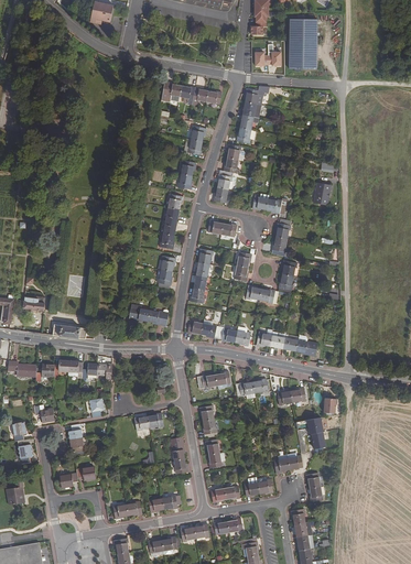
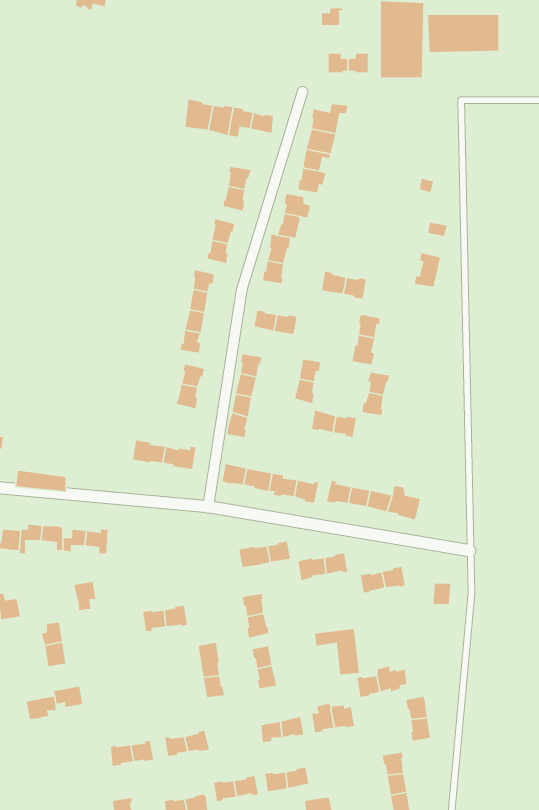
building: none -> [427,14,499,53]
building: [294,416,324,447] -> [314,628,360,675]

